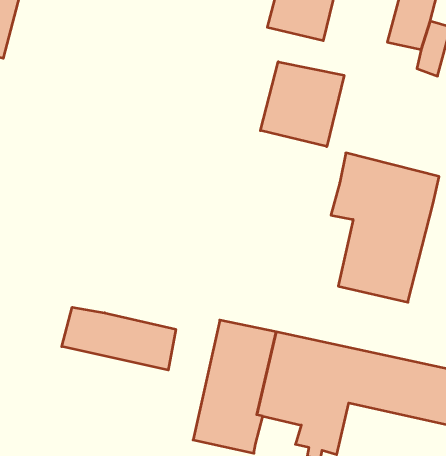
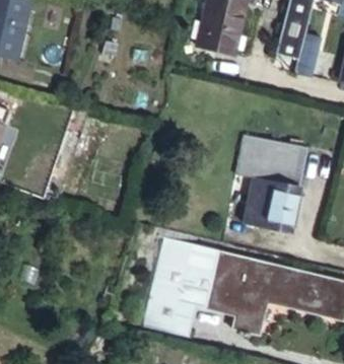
building: [260,62,344,147] -> none
building: [62,307,176,370] -> none

